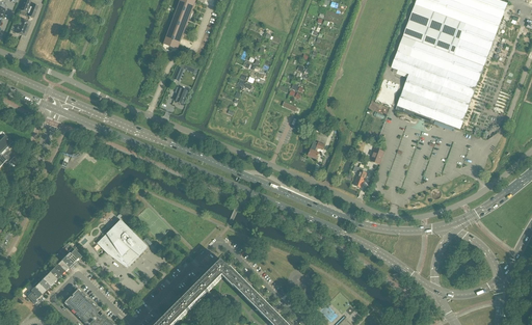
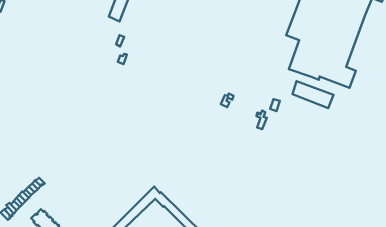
building: none -> [293,81,333,108]
building: [96,218,147,267] -> none

